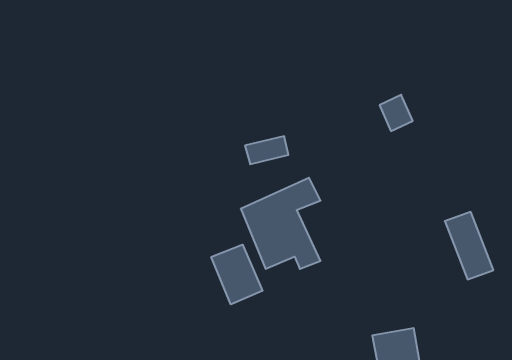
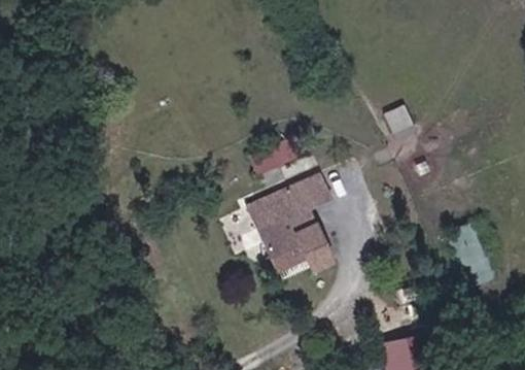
building: [211,245,262,304] -> none

